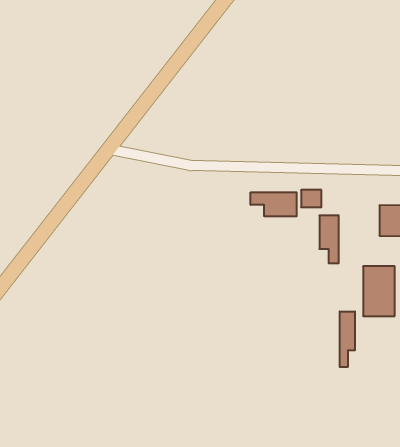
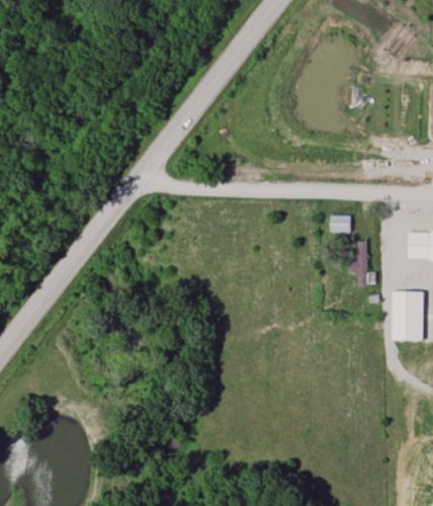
building: [251,192,297,216] -> none
building: [340,311,355,367] -> none

